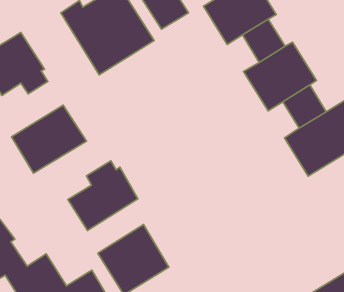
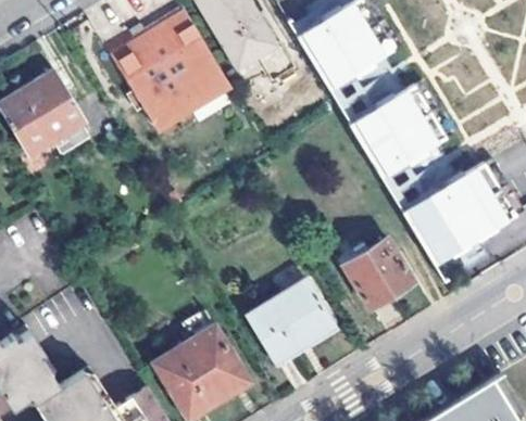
building: [11,105,86,173] -> none
building: none -> [342,240,413,309]
building: [68,161,138,230] -> none
building: none -> [247,282,336,367]

